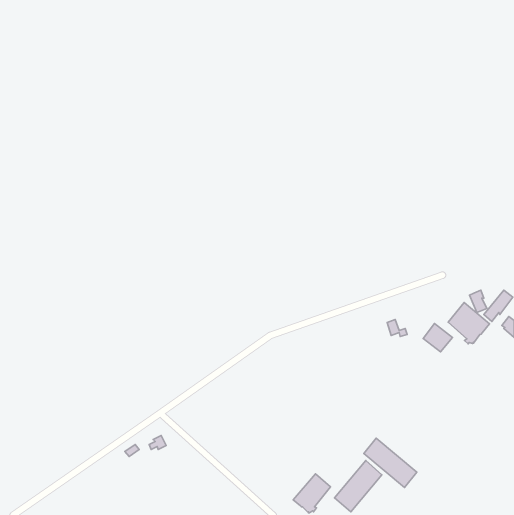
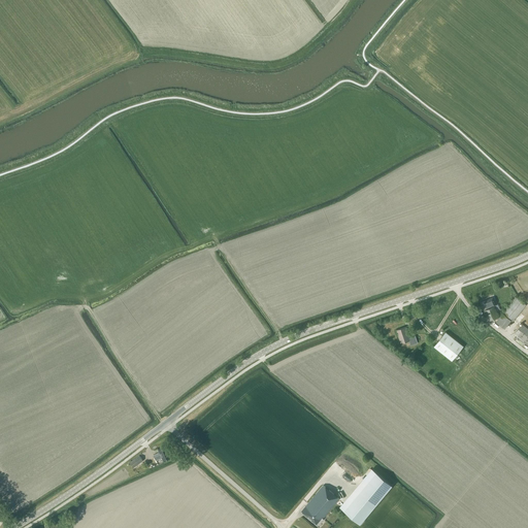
building: [448,303,490,344] -> none
building: [364,438,417,488] -> none

